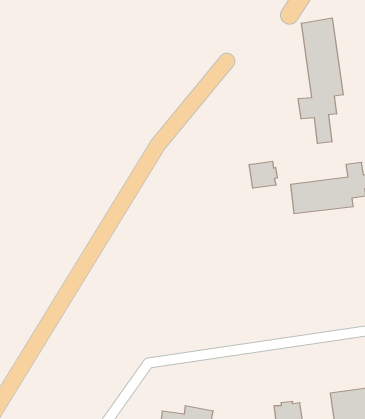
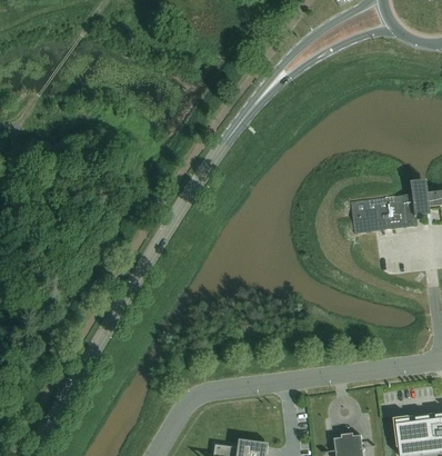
building: [298,18,343,144] -> none
building: [249,161,277,188] -> none

